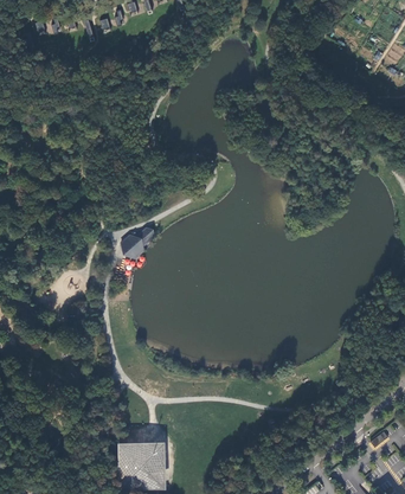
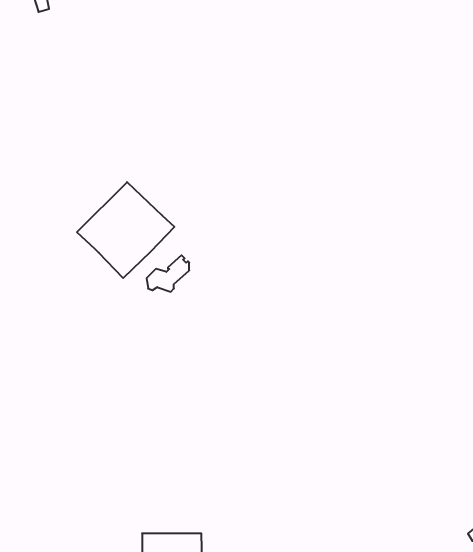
building: none -> [77,182,174,278]

